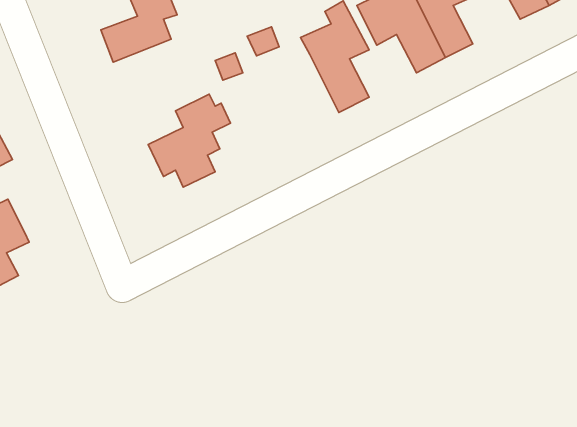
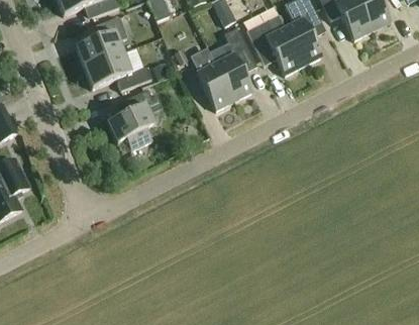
building: none -> [84,52,151,90]
building: none -> [196,63,233,110]

